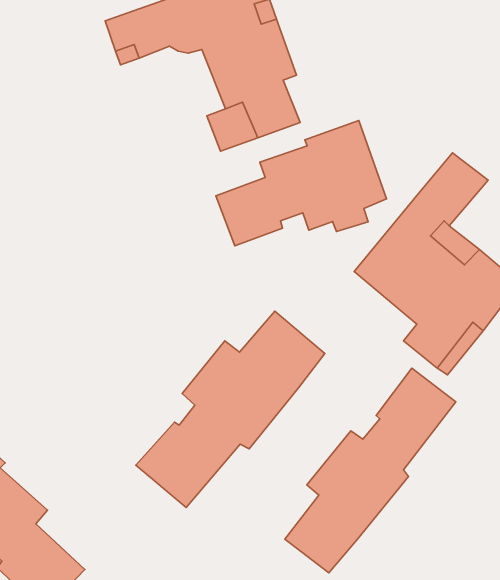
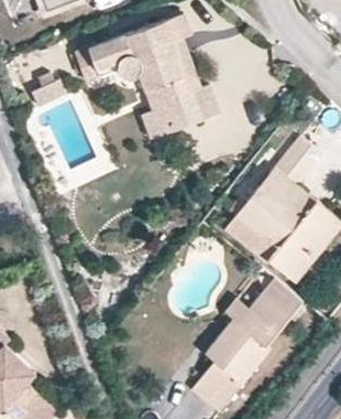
building: [216,121,386,246] -> none
building: [136,311,325,508] -> none

